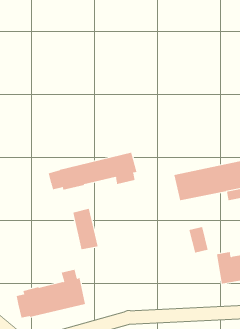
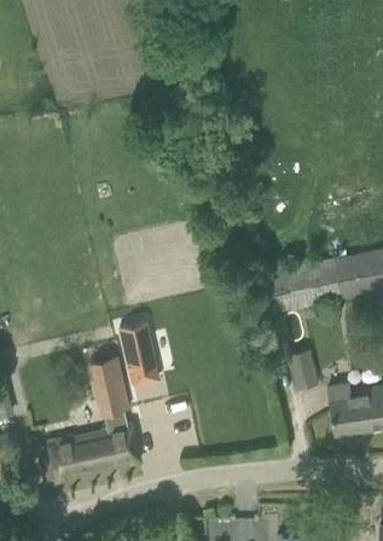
building: [48,152,137,190] -> none
building: none -> [94,373,128,414]

